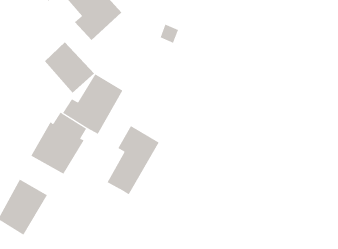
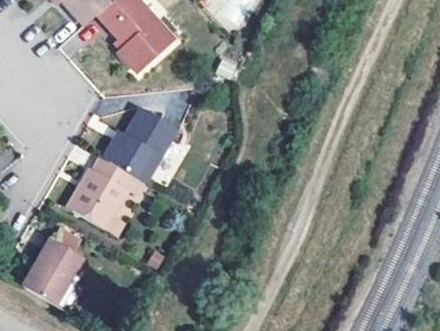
building: [44,41,95,94] -> none
building: [107,125,159,195] -> none

